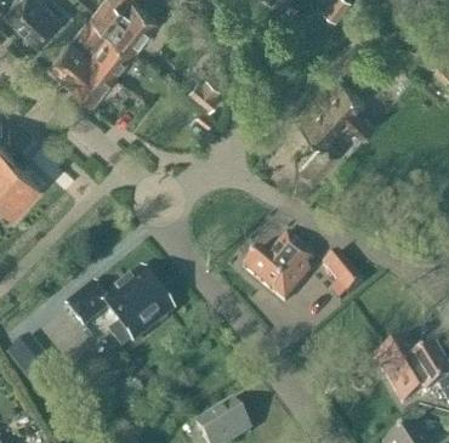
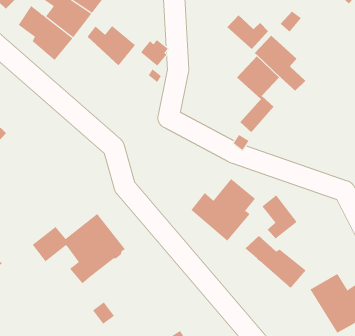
building: none -> [227,14,269,50]
building: none -> [87,25,136,66]
building: none -> [244,235,306,289]

